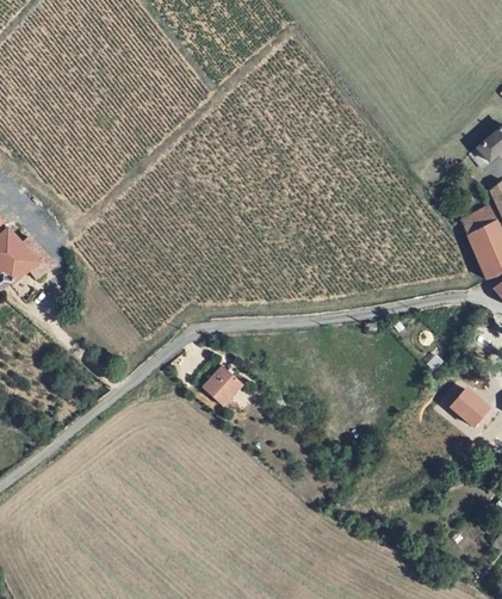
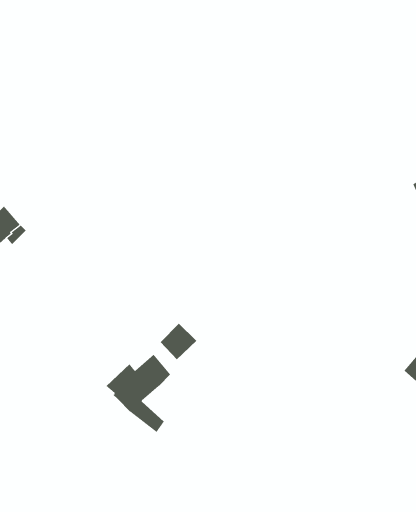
building: none -> [106,354,171,433]

